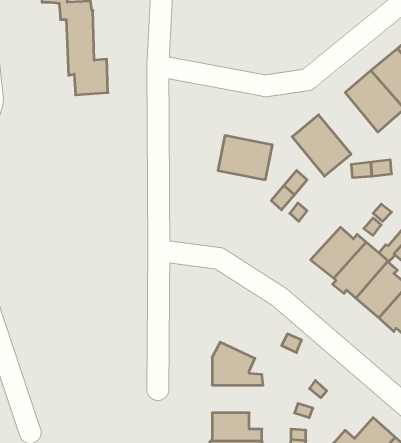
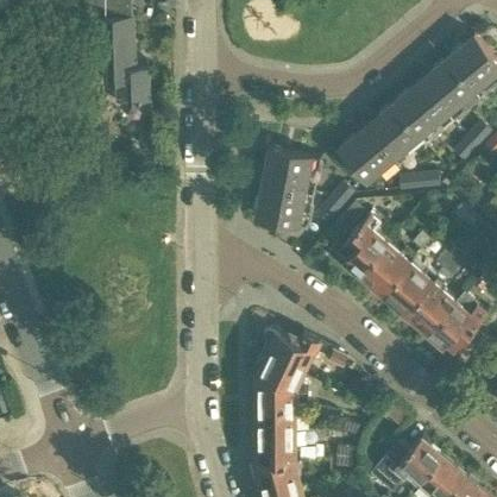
building: none -> [365,102,426,165]
building: none -> [254,182,310,227]
building: none -> [336,210,388,273]
building: none -> [263,328,319,375]
building: none -> [256,402,308,430]

